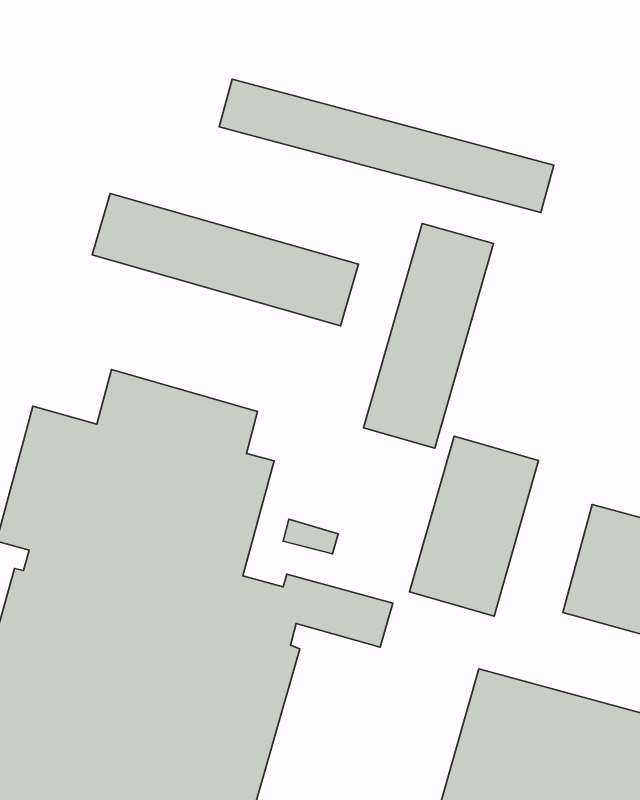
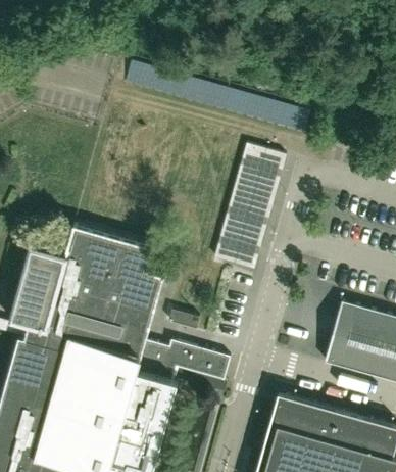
building: [92,193,358,326] -> none
building: [410,436,539,616] -> none

